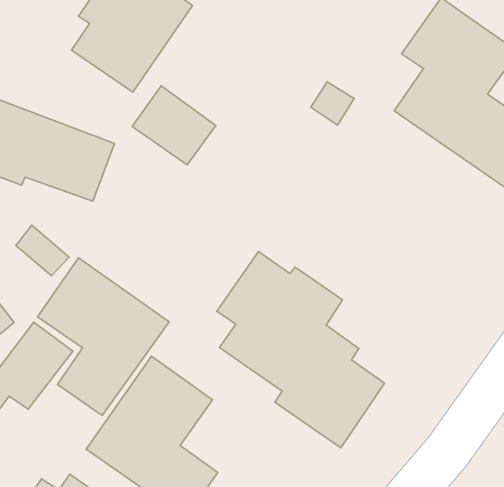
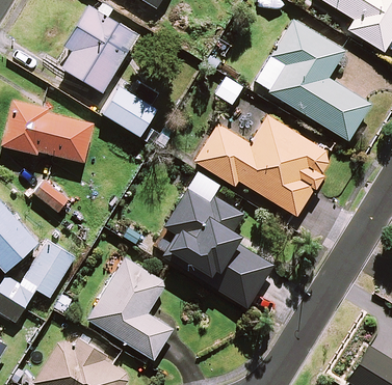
building: none -> [195,116,331,214]
building: [37,258,169,416] -> none

